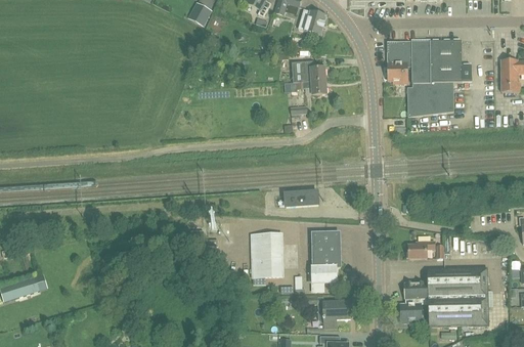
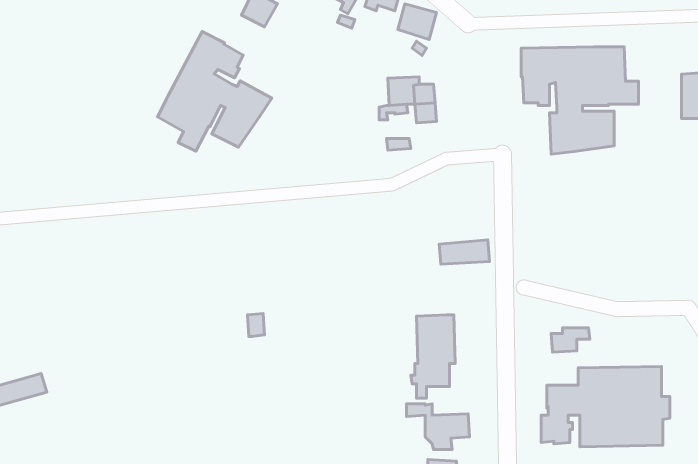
building: none -> [158,32,272,151]
building: [282,189,318,207] -> [439,240,489,264]
building: [251,232,282,284] -> none

